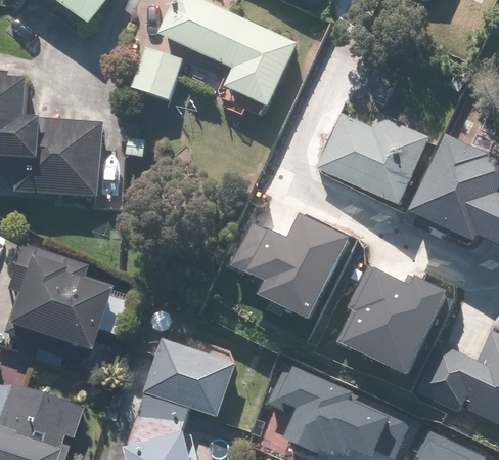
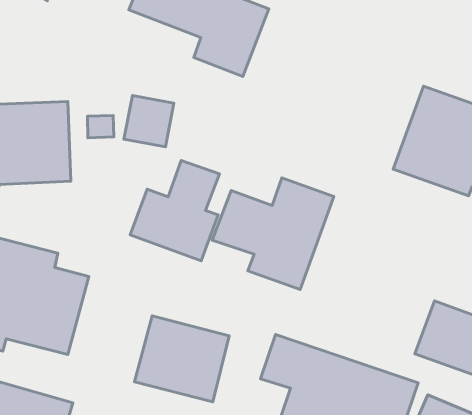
building: [132,50,182,101] -> [124,96,174,147]
building: [311,109,429,204] -> none
building: none -> [130,161,220,261]
building: [335,261,446,371] -> none

